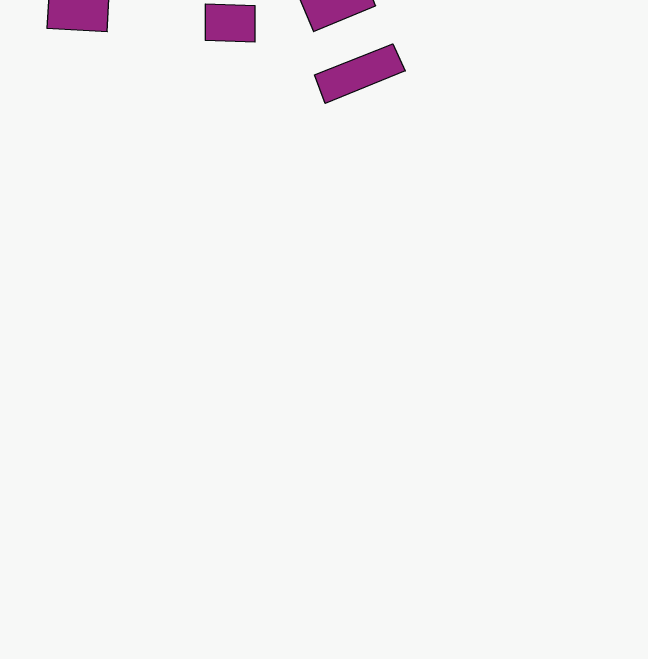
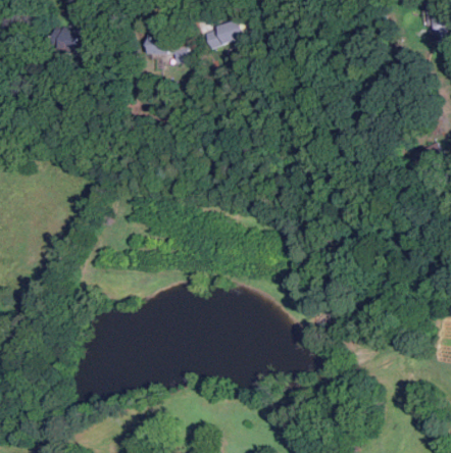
building: [314,44,405,103] -> none

